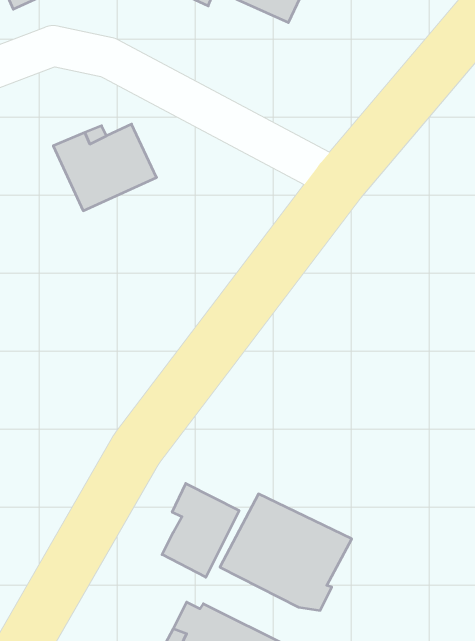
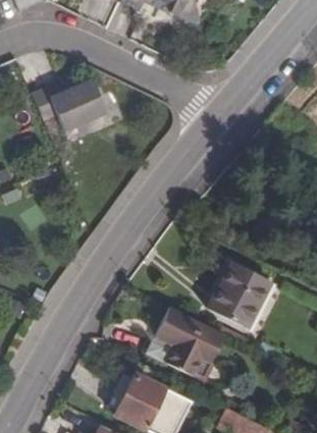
building: none -> [209,263,270,328]
building: [162,483,239,577] -> none

